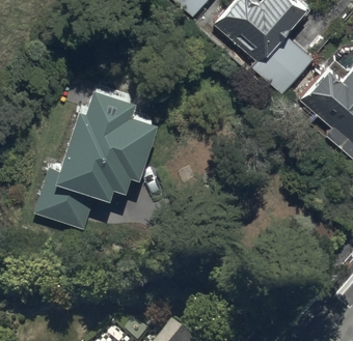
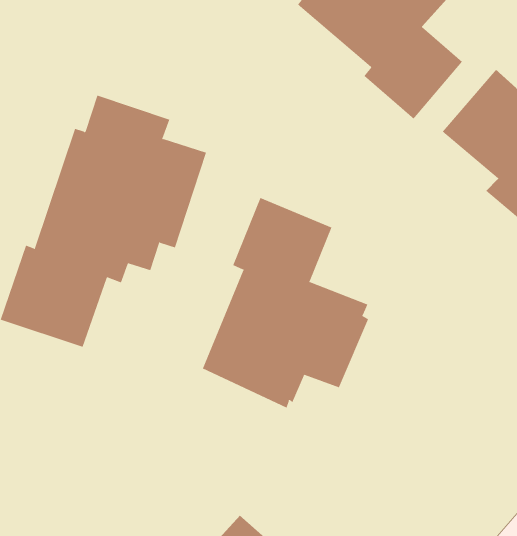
building: none -> [202,197,369,409]

